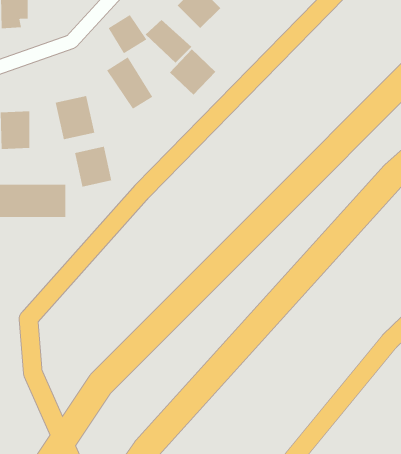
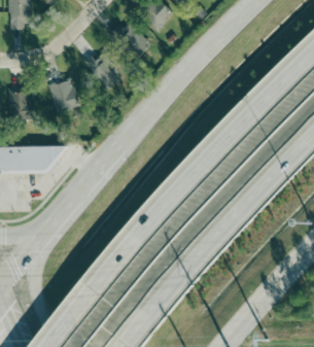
building: [108,14,147,54] -> none
building: [169,49,216,96] -> none
building: [74,146,112,187] -> none

